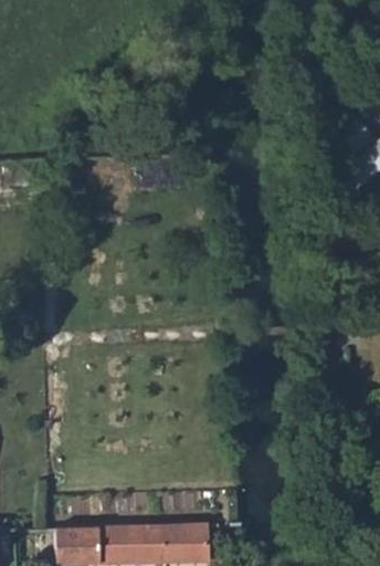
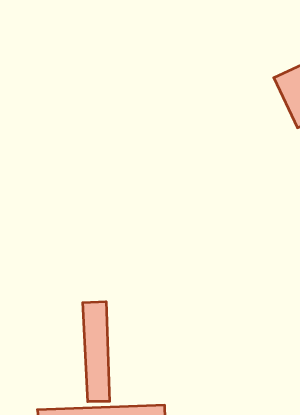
building: none -> [83,302,110,402]

